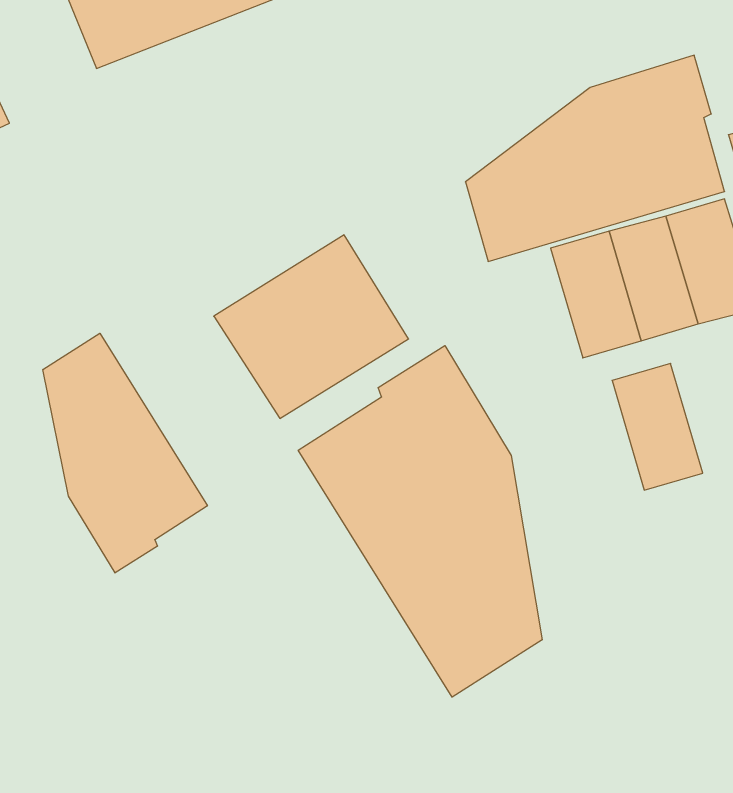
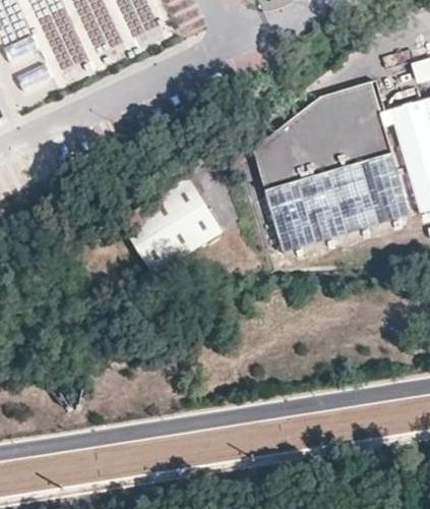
building: [43,333,207,573] -> none
building: [298,346,542,697] -> none
building: [612,363,703,490] -> [266,181,315,249]

